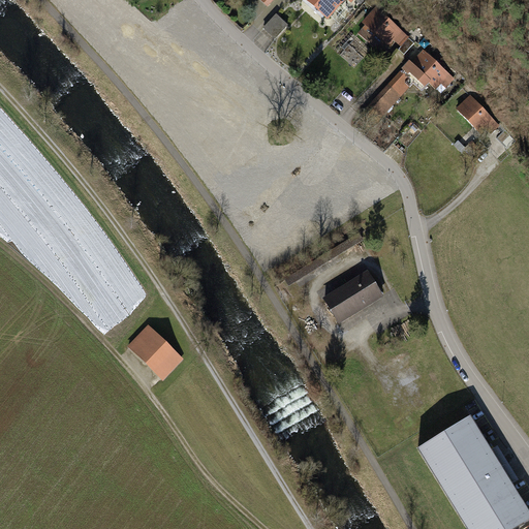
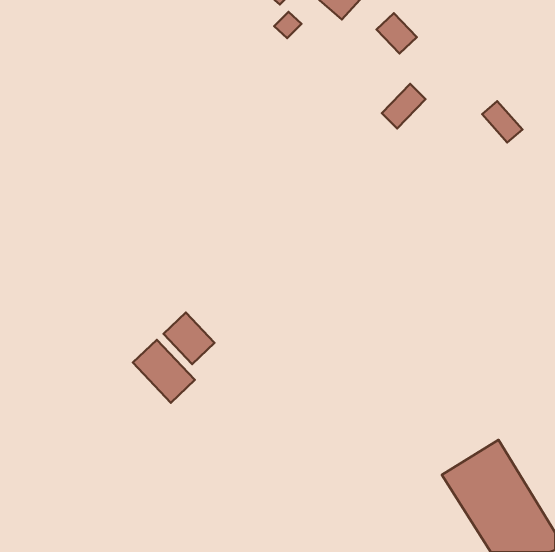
building: [407,49,453,92] -> none
building: [320,269,382,325] -> none
building: none -> [164,313,214,364]

